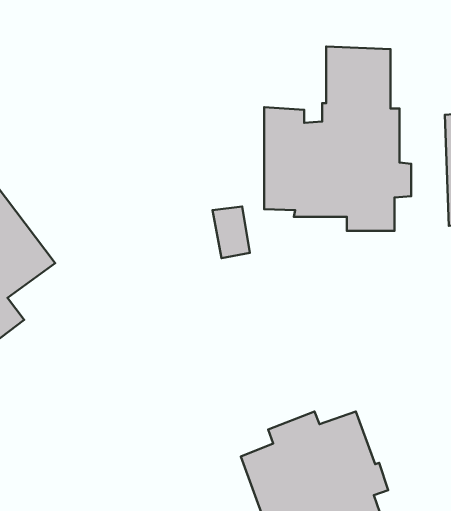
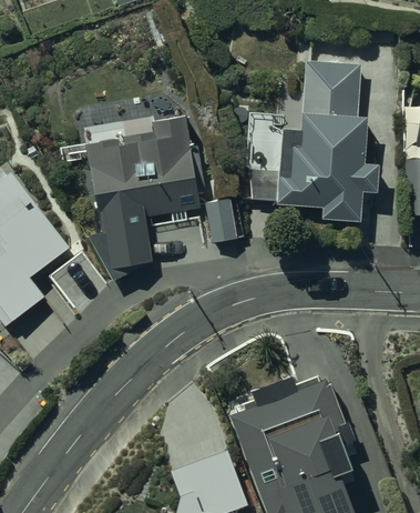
building: none -> [84,113,206,282]

